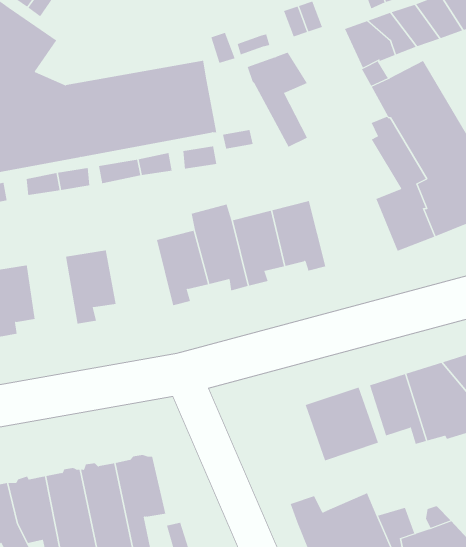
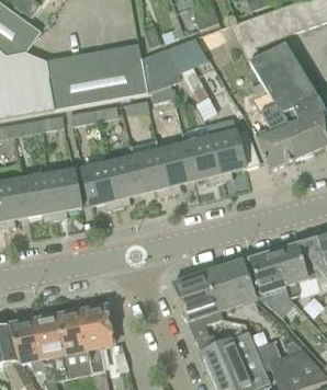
building: none -> [142,48,180,92]
building: none -> [206,118,246,181]
building: none -> [81,163,119,209]
building: none -> [22,174,55,221]
building: none -> [171,273,222,340]

